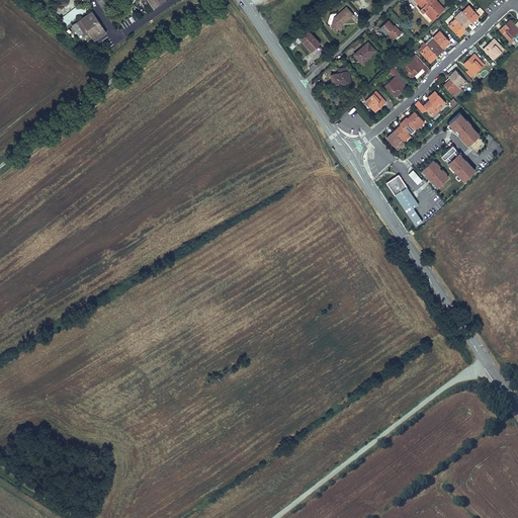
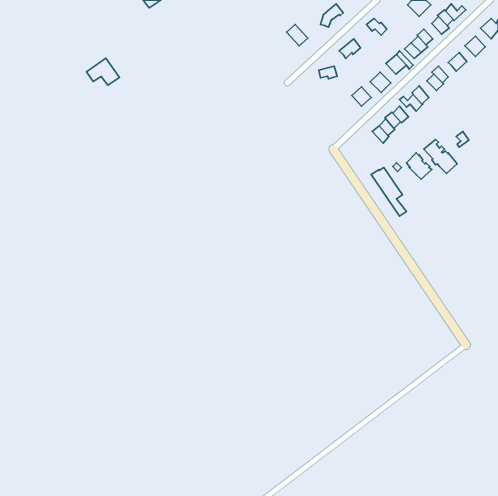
building: [73,13,107,41] -> [86,58,120,85]
building: [448,113,479,146] -> none

